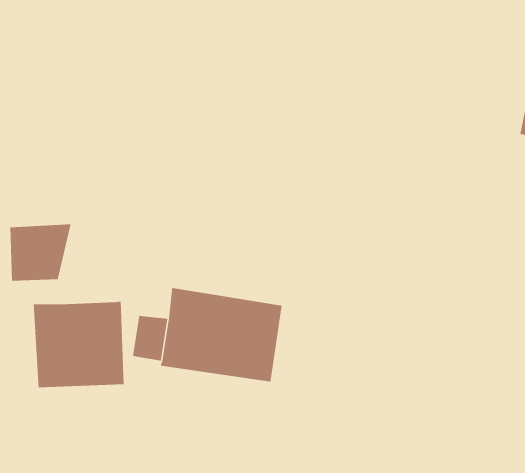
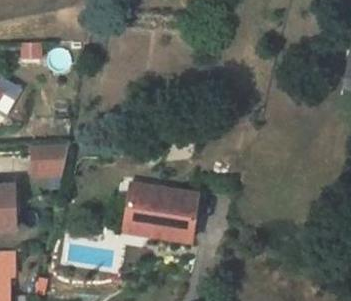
building: [33,301,124,388] -> none

